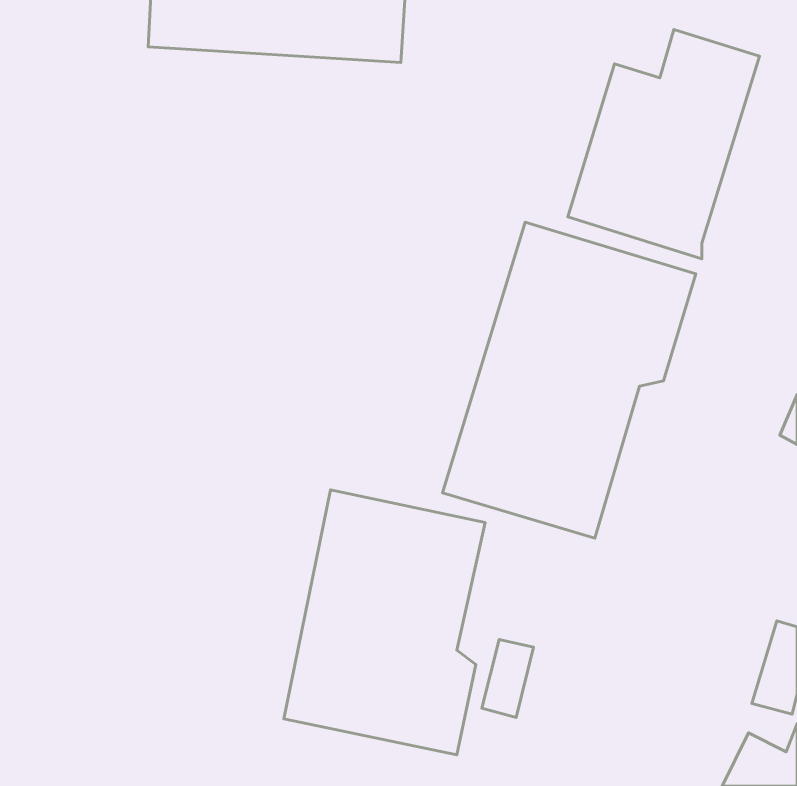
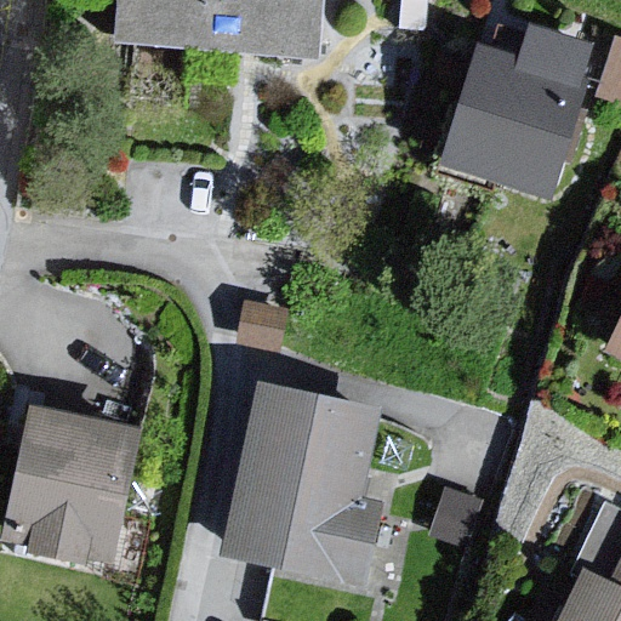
building: [442,222,696,538] -> none
building: none -> [10,412,142,566]

